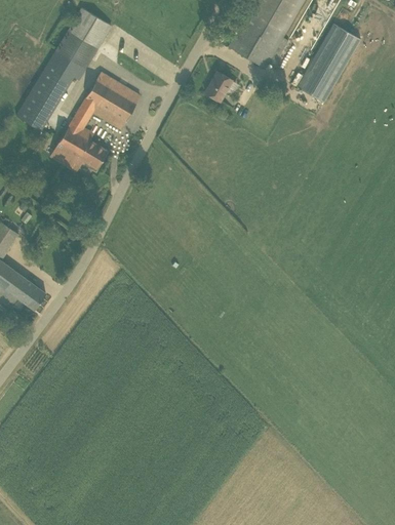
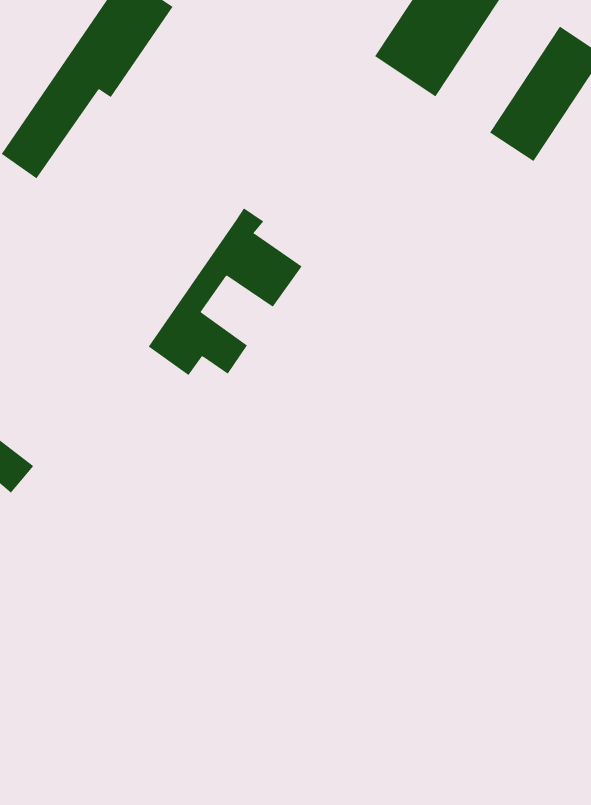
building: [206,72,233,102] -> none
building: [51,73,137,171] -> [148,208,302,376]

